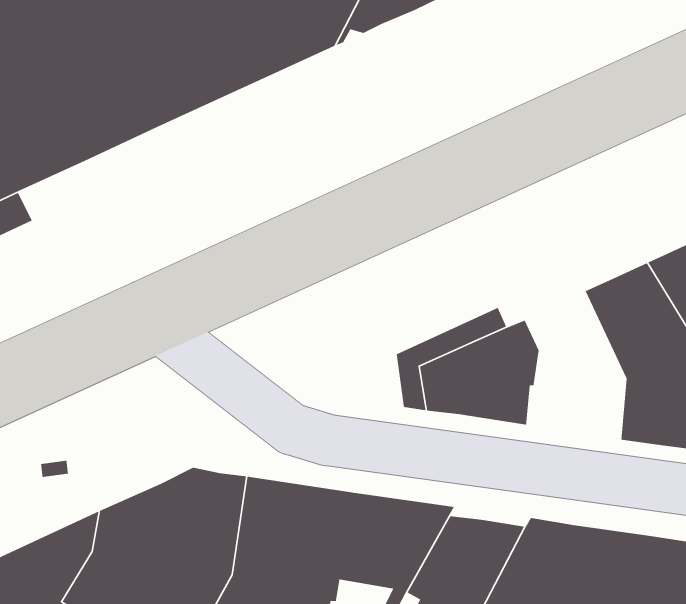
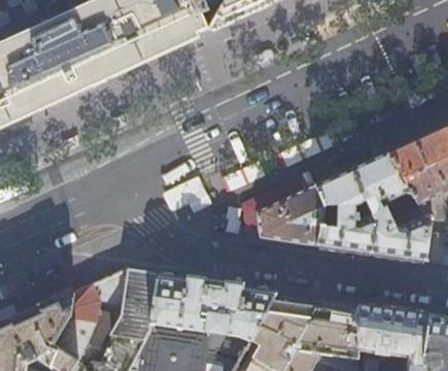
building: none -> [317,169,375,255]

